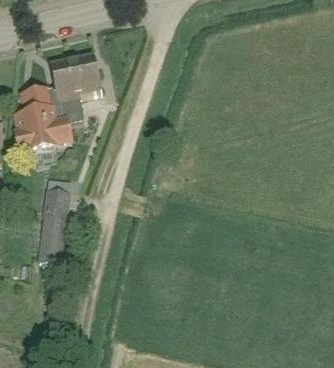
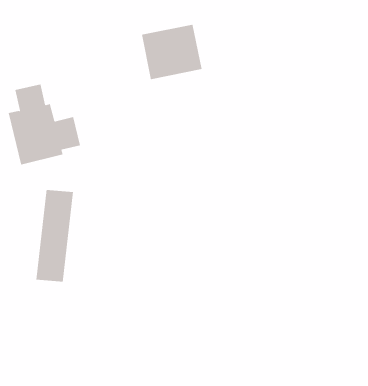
building: [51,53,104,101] -> [141,24,203,80]

